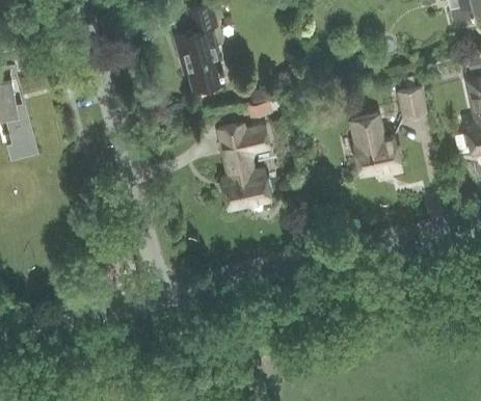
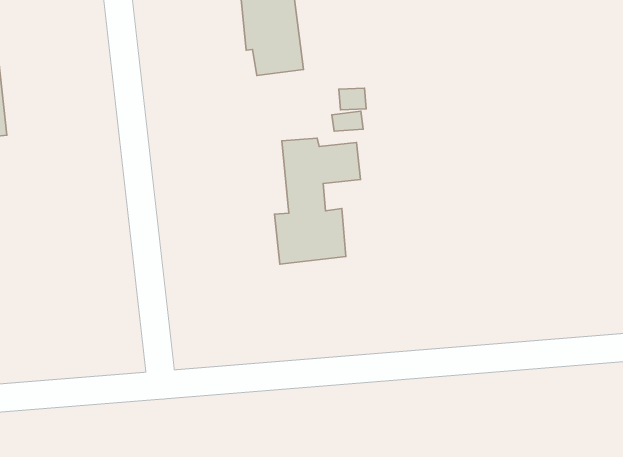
building: [396,88,427,119] -> none
building: [352,116,402,176] -> none

